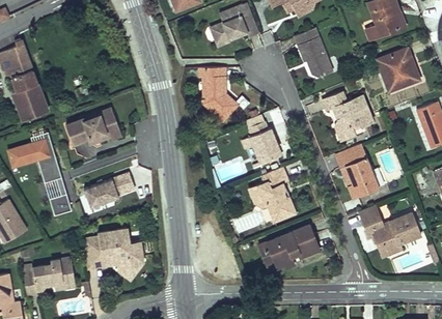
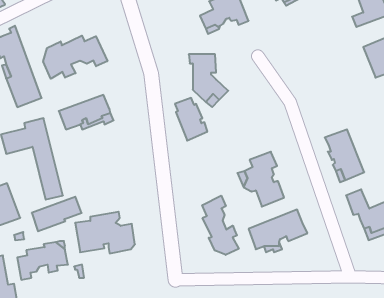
building: [294,27,332,77] -> none
building: none -> [43,36,107,79]
building: [322,91,374,141] -> none
building: [248,121,281,165] -> [175,98,207,141]
building: [84,172,135,207] -> [32,197,82,231]
building: none -> [202,196,239,255]

